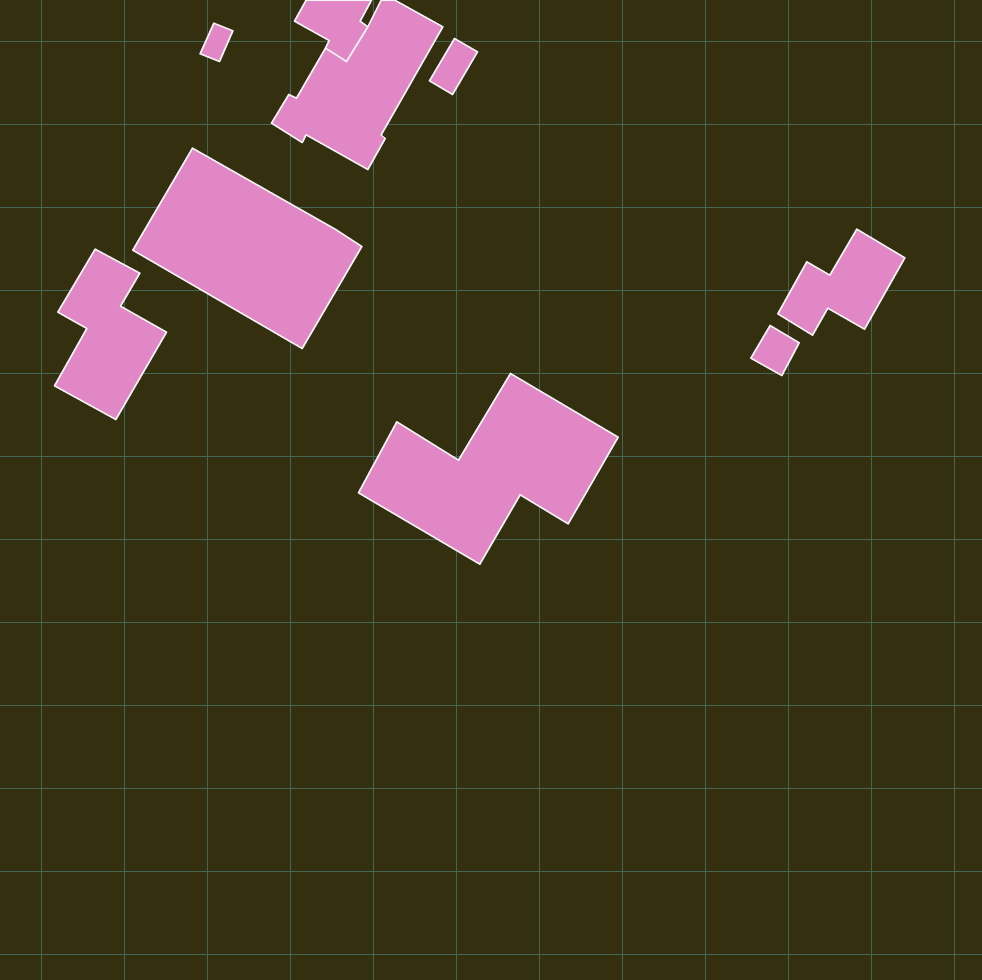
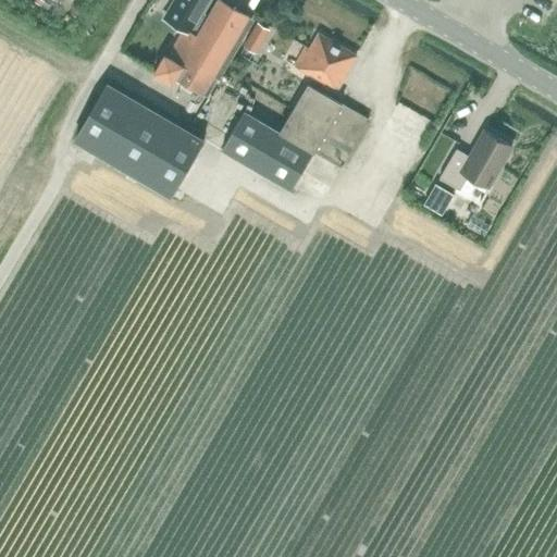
building: none -> [294,35,356,91]
building: [54,249,166,420] -> none
building: [358,374,618,564] -> [222,85,369,193]

